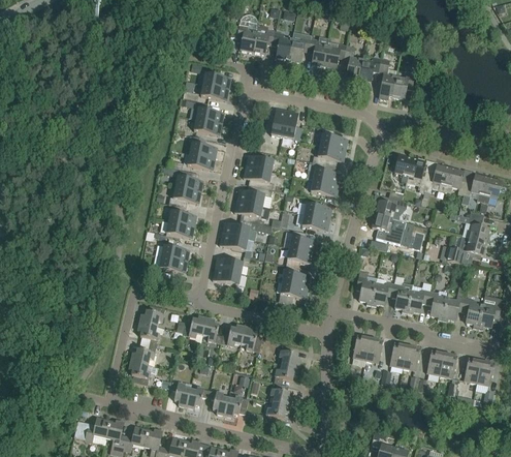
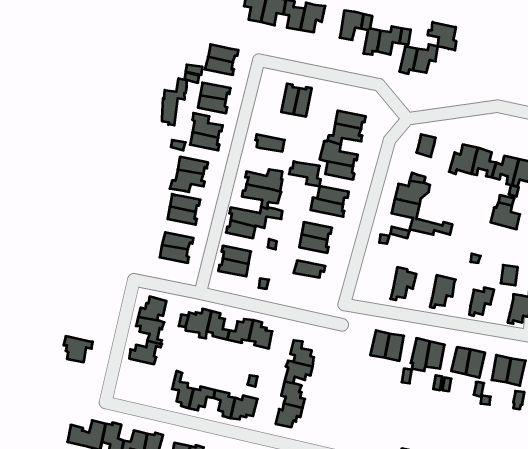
building: [308,36,328,65] -> none
building: none -> [428,22,456,50]
building: none -> [162,78,187,125]
building: [407,157,429,188] -> none
building: [244,165,273,188] -> [289,161,321,186]
building: [447,235,486,262] -> none
building: [356,269,377,305] -> none
building: [279,281,307,302] -> none
building: [391,281,413,312] -> none
building: [427,288,447,319] -> none
building: [462,297,483,327] -> none
building: [129,360,156,384] -> [64,336,93,362]

